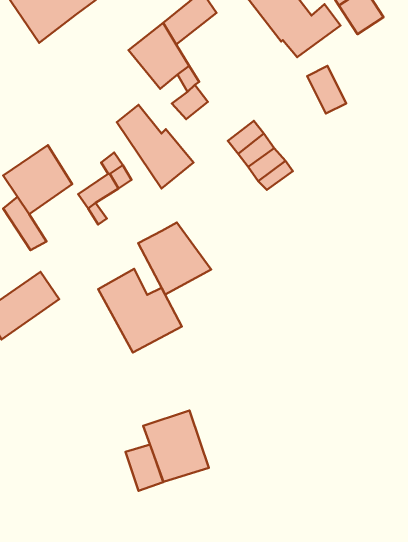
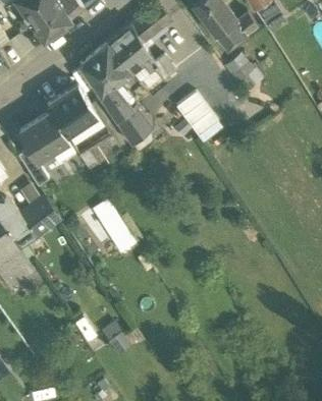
building: none -> [79,45,129,96]
building: none -> [46,85,94,132]
building: [138,222,211,294] -> none
building: [143,410,209,482] -> none

